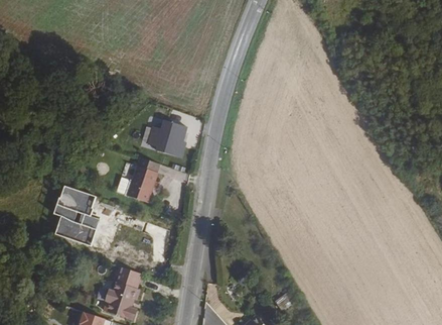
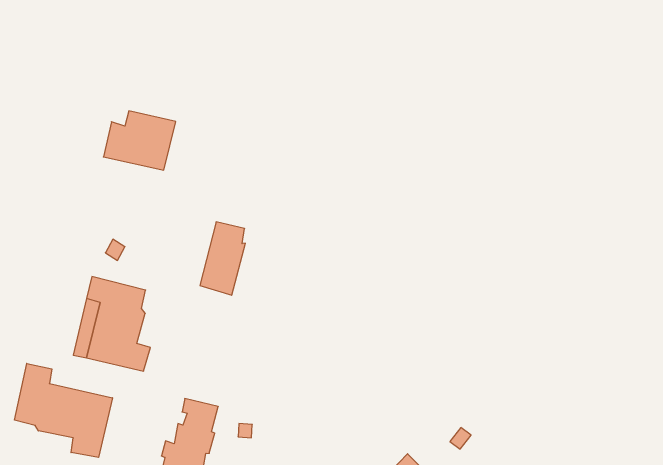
building: [144,119,189,156] -> [103,111,176,170]
building: none -> [15,363,112,457]

